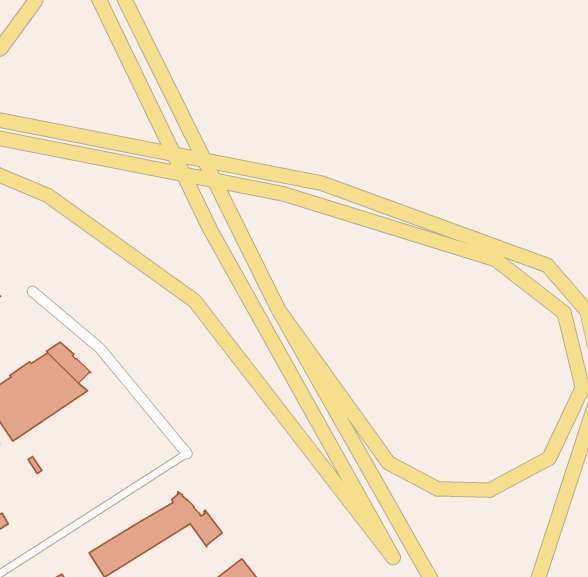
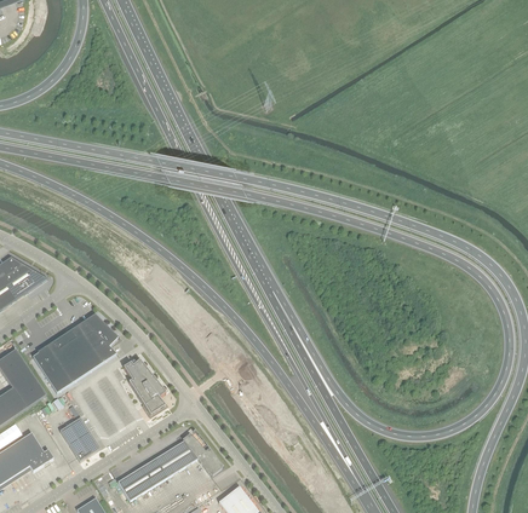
building: none -> [124,359,166,411]
building: none -> [59,417,101,461]

